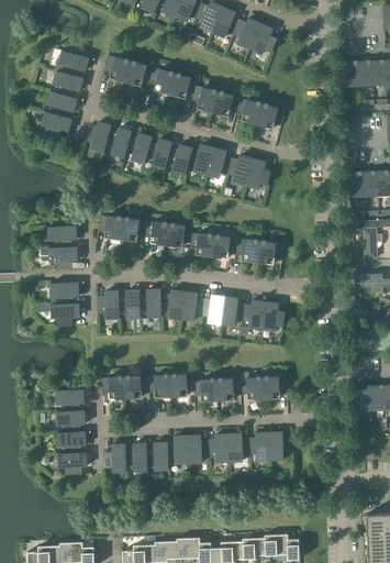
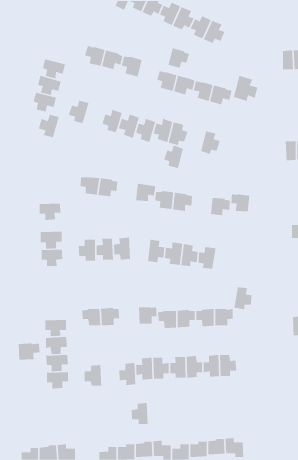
building: [56,51,89,78] -> none
building: [170,73,198,99] -> [168,47,190,69]
building: none -> [233,75,259,108]
building: [103,125,132,157] -> [36,112,60,138]
building: [227,155,253,185] -> [163,145,184,169]
building: [145,221,169,245] -> none
building: [48,225,76,249] -> none
building: [236,239,260,262] -> [230,193,250,212]
building: [160,289,185,319] -> none
building: [261,302,285,331] -> [233,287,252,310]
building: [147,374,171,397] -> none
building: none -> [18,338,41,361]
building: [125,443,147,472] -> [131,402,149,426]

